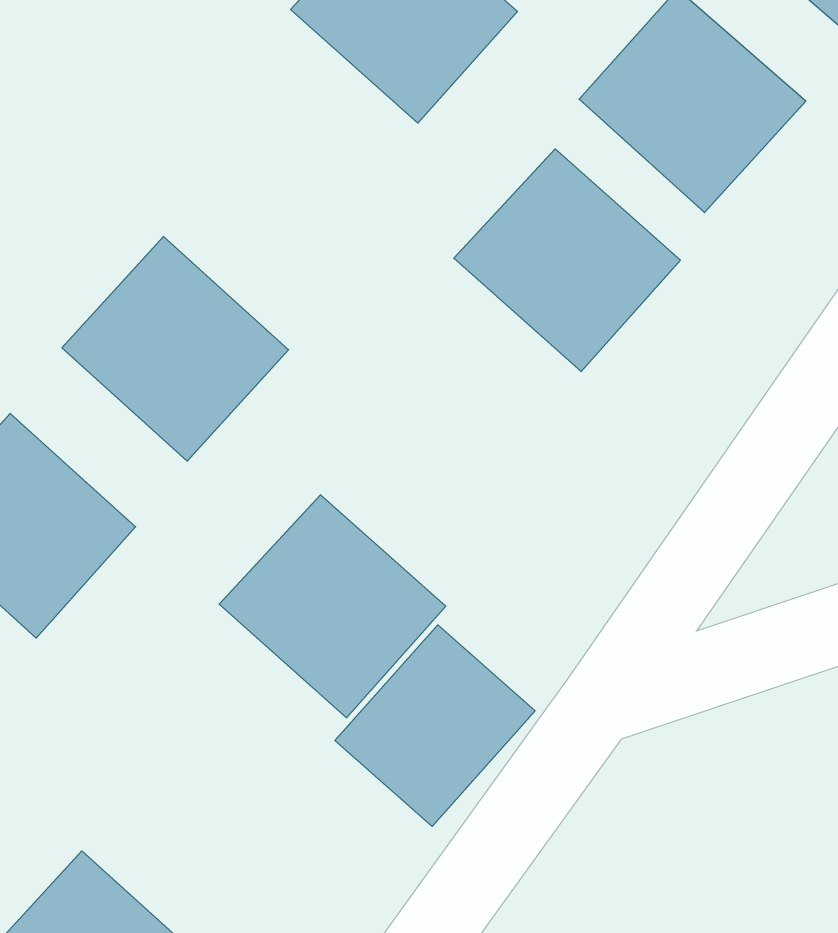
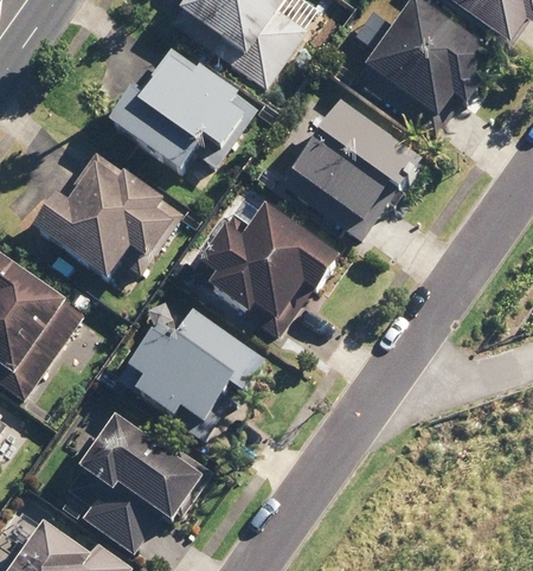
building: none -> [113,49,248,181]
building: none -> [193,204,328,336]
building: [335,625,535,826] -> none
building: none -> [53,404,188,538]

